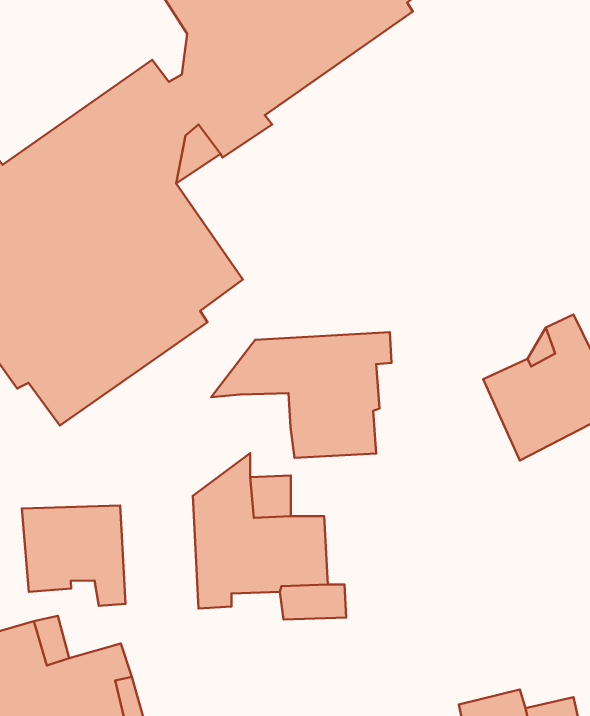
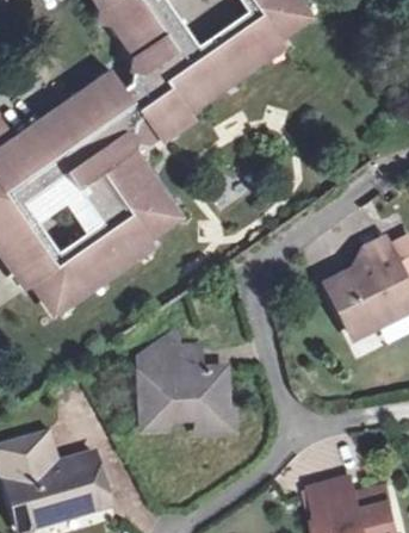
building: [211,332,392,458] -> none
building: [22,506,125,606] -> none

